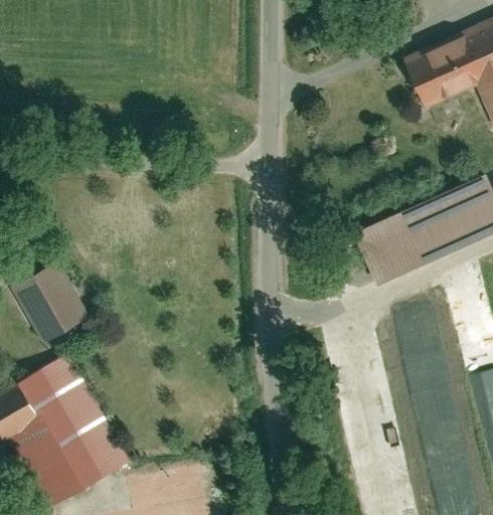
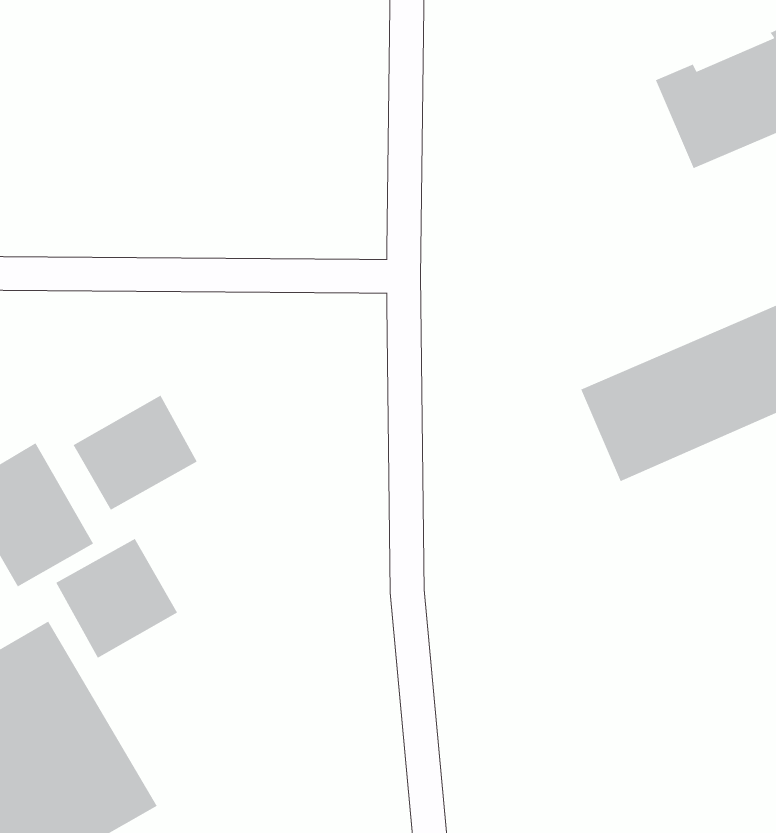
building: none -> [73,395,198,511]
building: none -> [55,538,178,659]

